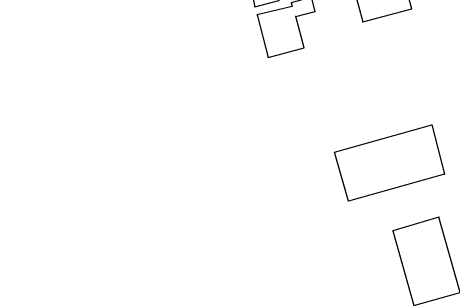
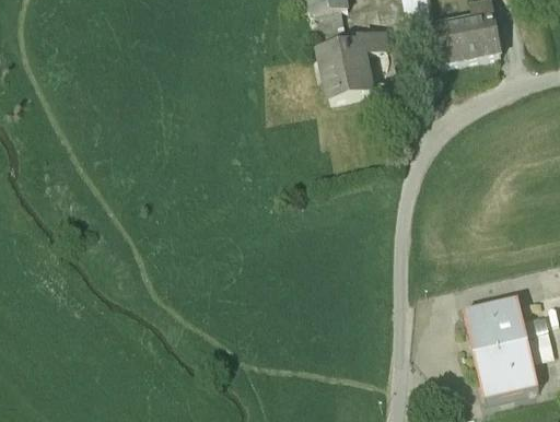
building: [335,125,445,201] -> none

